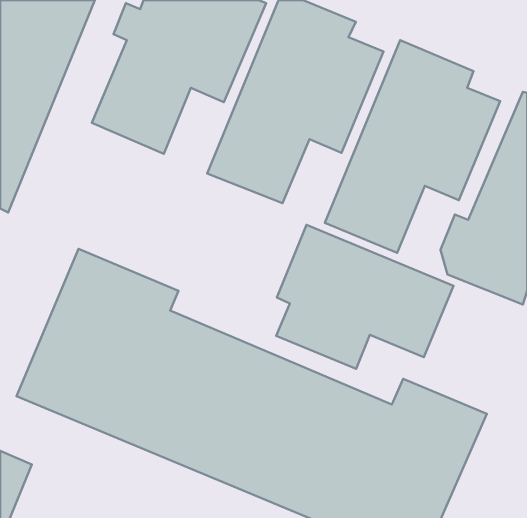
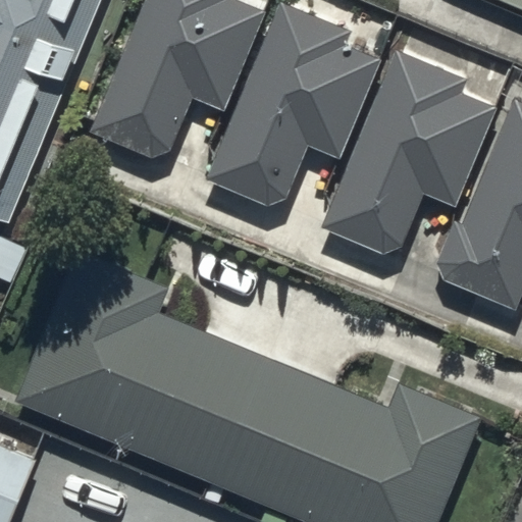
building: [276,225,453,369] -> none

